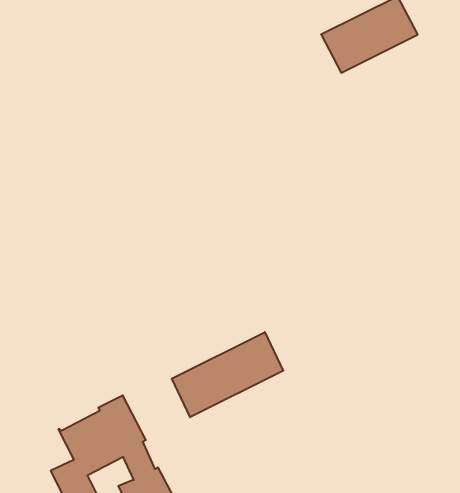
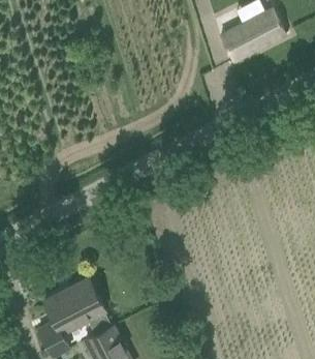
building: [172,332,283,417] -> none

